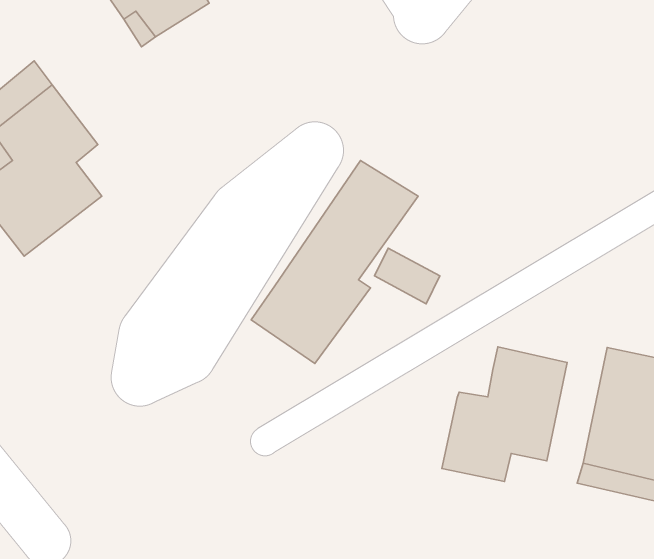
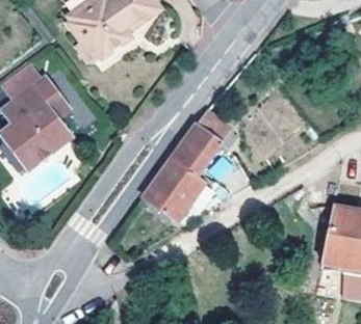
building: [442,347,567,482] -> none

